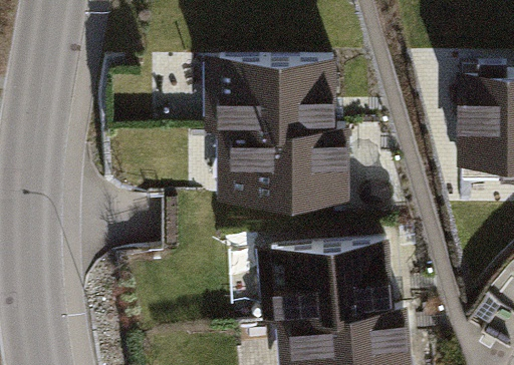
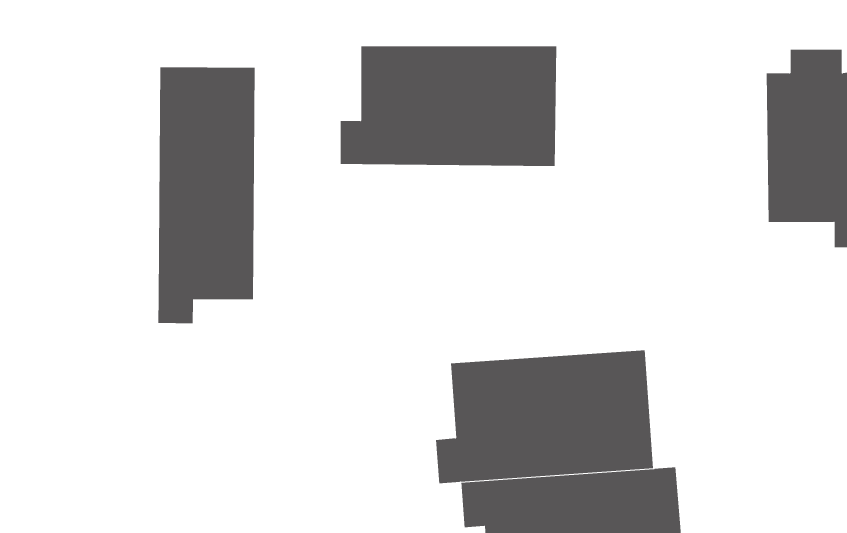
building: none -> [158,66,255,324]
building: [218,133,346,205] -> none

